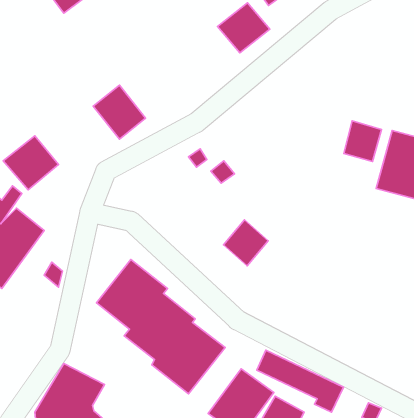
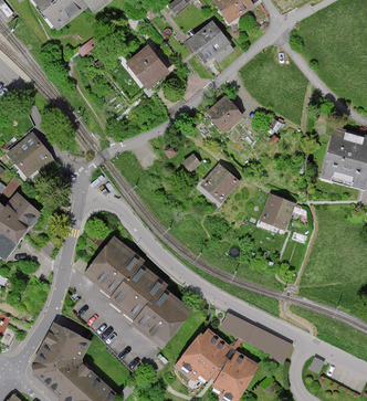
building: [93,85,146,139] -> [125,45,169,91]
building: none -> [205,95,242,134]
building: [344,121,381,161] -> none
building: none -> [259,194,295,231]
building: [223,220,268,266] -> [200,163,238,202]

